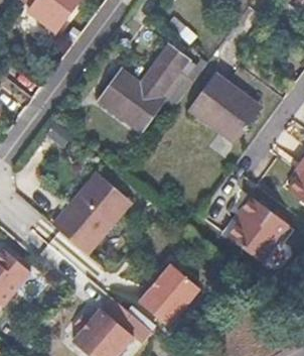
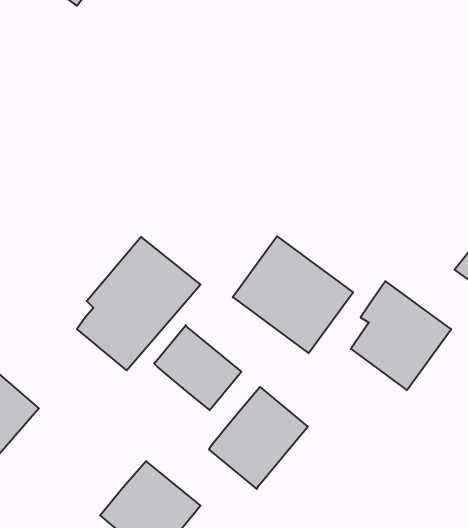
building: [96,42,185,130] -> none
building: [188,73,262,144] -> [233,236,353,353]
building: none -> [154,325,241,410]

